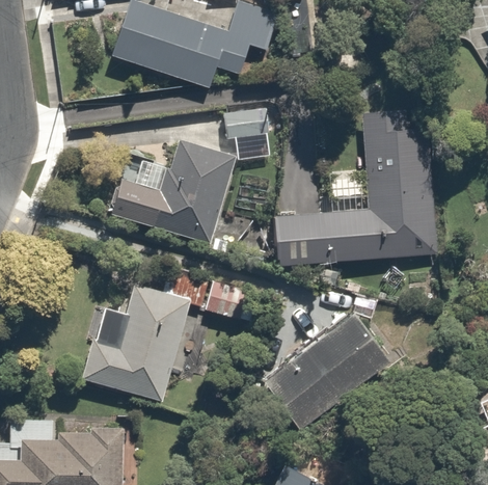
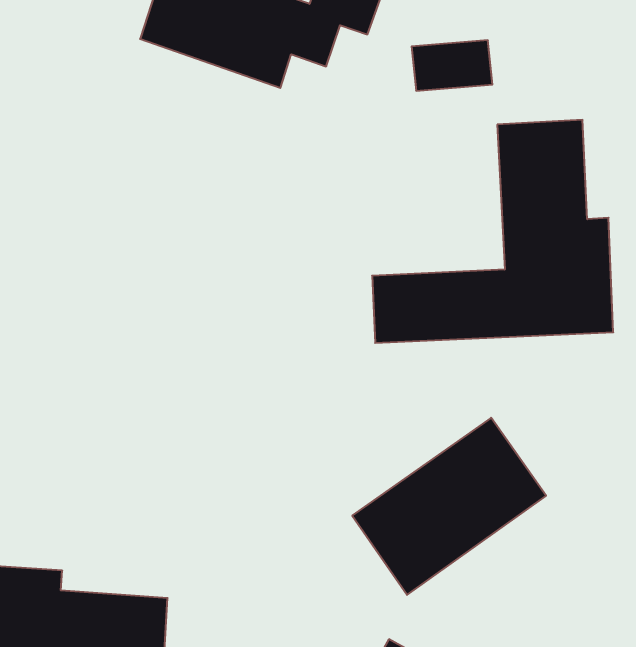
building: [222,107,277,141] -> [412,40,492,91]
building: [109,138,237,240] -> none
building: [82,261,239,407] -> none

